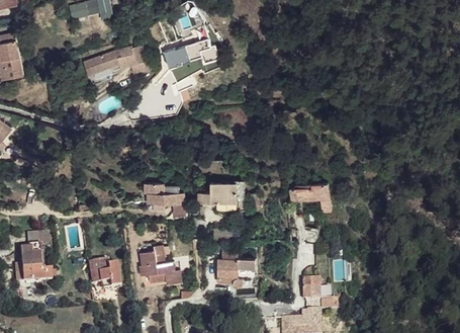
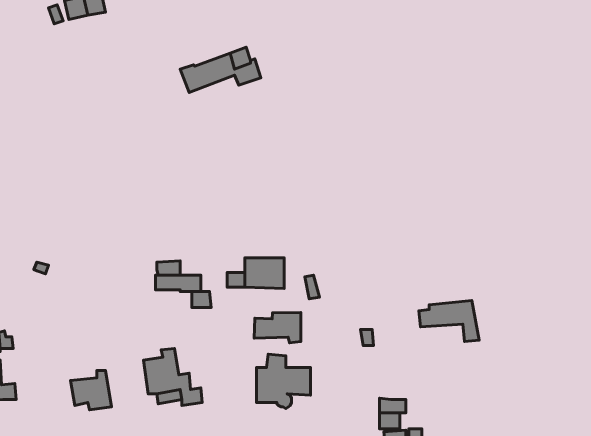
building: [84,44,151,75] -> none
building: [290,182,332,211] -> [419,301,479,342]
building: none -> [254,312,301,343]

